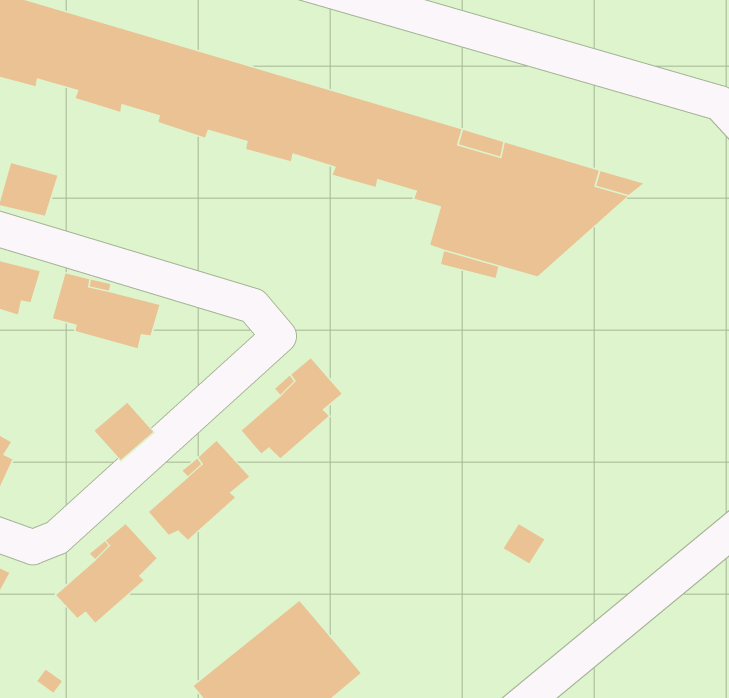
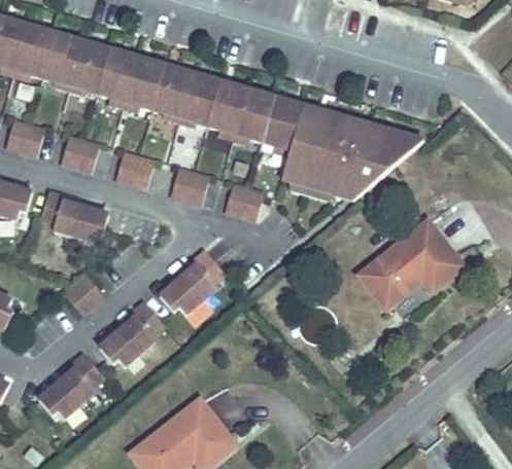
building: none -> [59,137,97,173]
building: none -> [114,153,152,188]
building: none -> [169,168,207,203]
building: none -> [224,183,262,218]
building: none -> [354,225,458,312]

